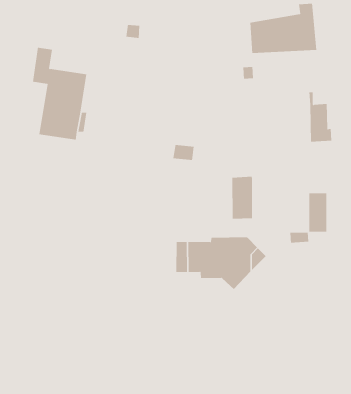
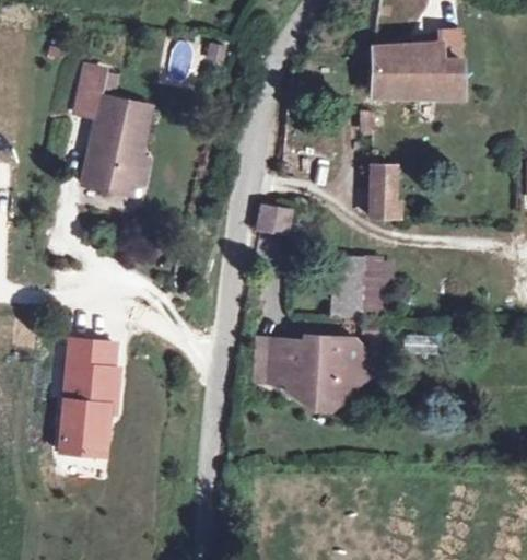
building: [309,92,332,142] -> [370,149,399,217]
building: [308,193,327,232] -> [361,262,389,316]
building: none -> [60,340,117,456]

